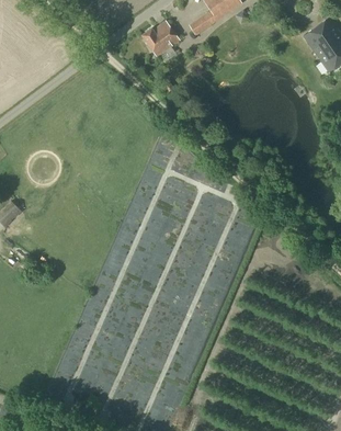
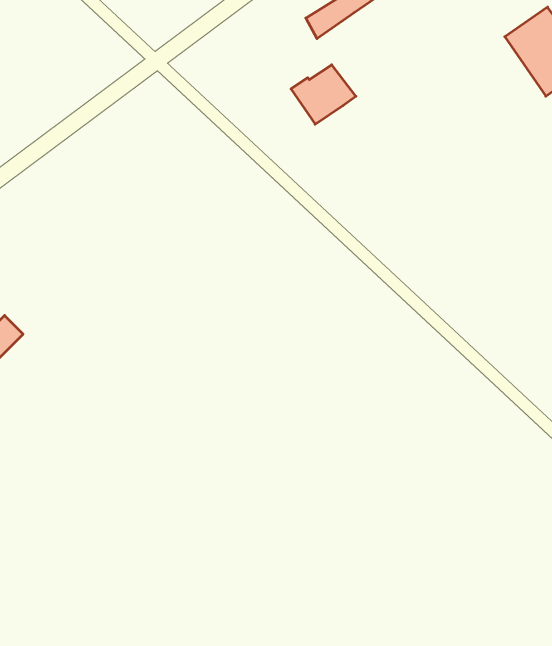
building: [140,22,179,57] -> [291,65,356,124]

